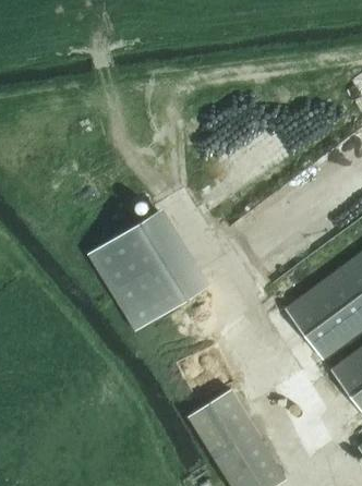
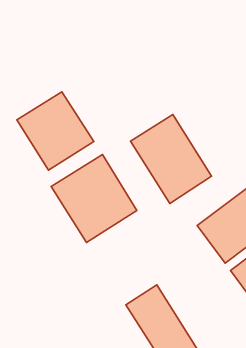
building: none -> [17,92,94,170]
building: none -> [130,114,211,203]

